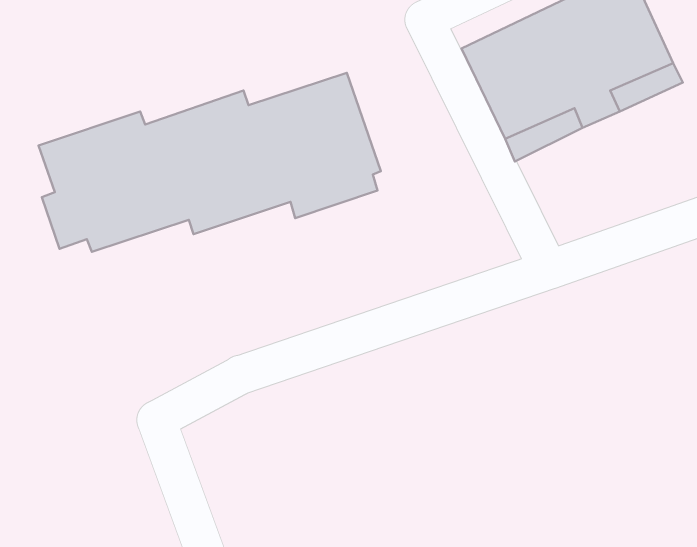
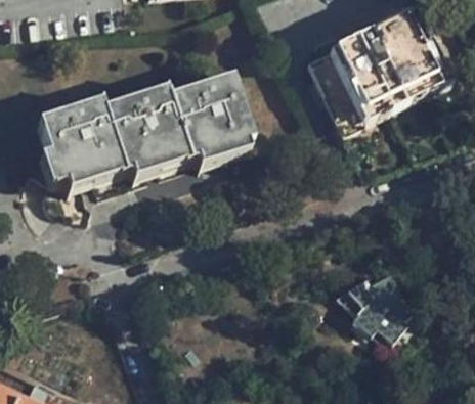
building: none -> [336,271,414,346]

